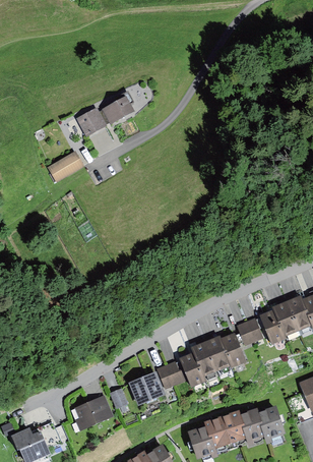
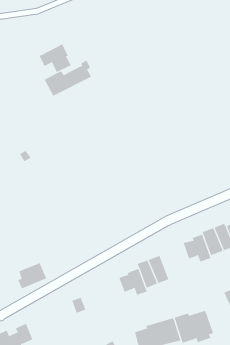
building: none -> [39,44,71,73]
building: [47,152,83,181] -> none
building: [221,321,255,368] -> none
building: [127,364,175,409] -> none
building: [75,396,112,429] -> [18,262,47,289]

